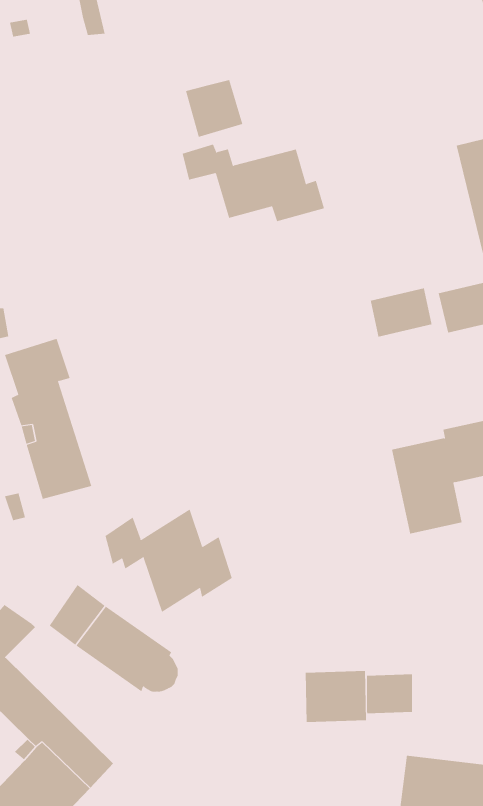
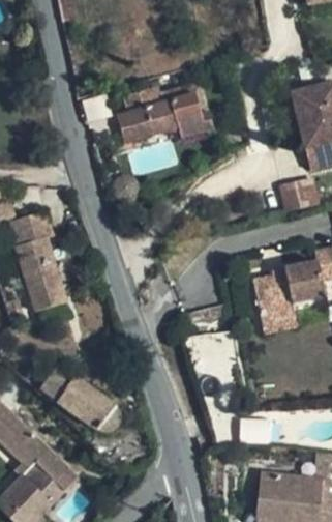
building: [185,79,243,138] -> [115,109,151,145]
building: [370,288,432,337] -> none
building: [105,508,233,613] -> none
building: [305,670,366,723] -> none

